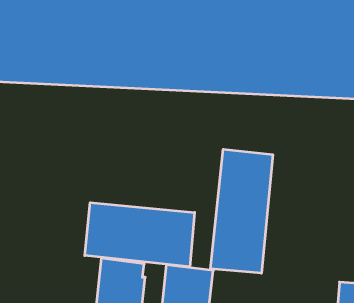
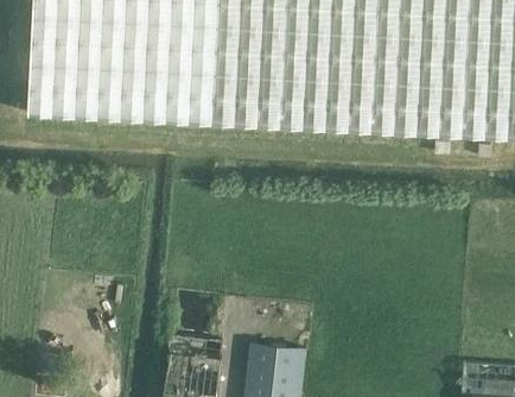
building: [211,149,273,273] -> none
building: [85,203,195,267] -> none

